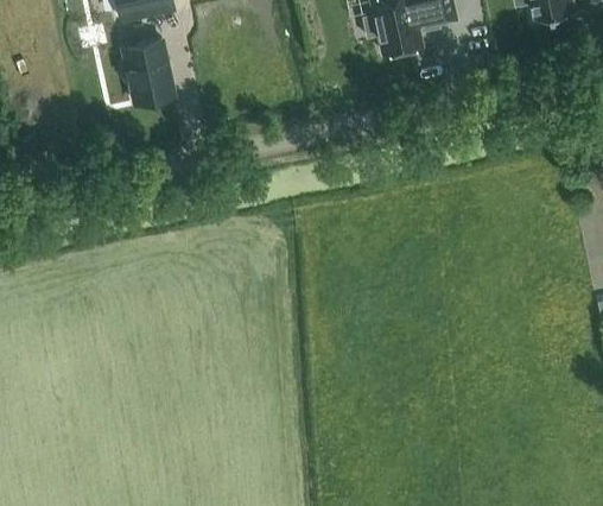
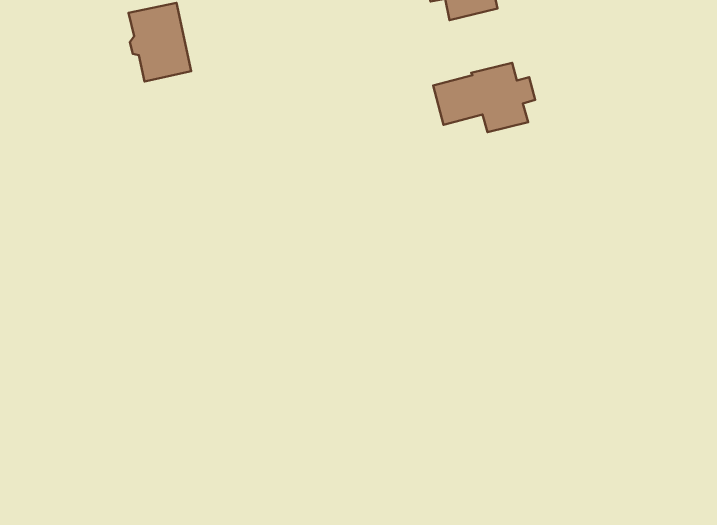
building: none -> [433,63,535,132]

